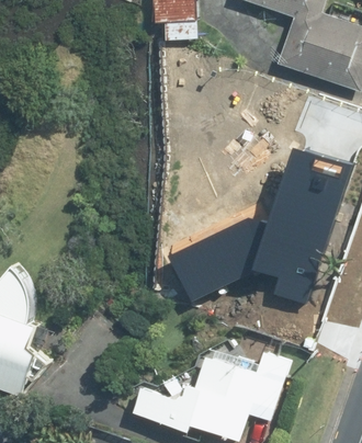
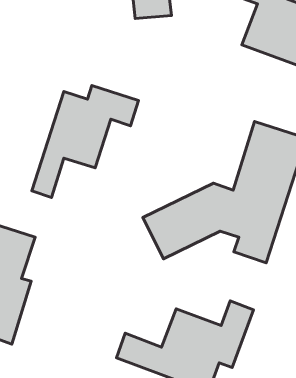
building: none -> [32,85,139,198]

